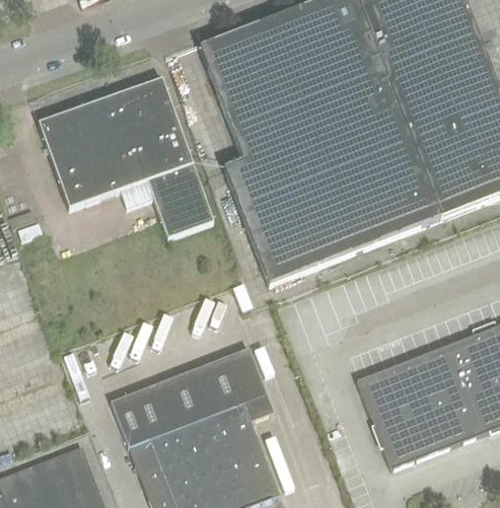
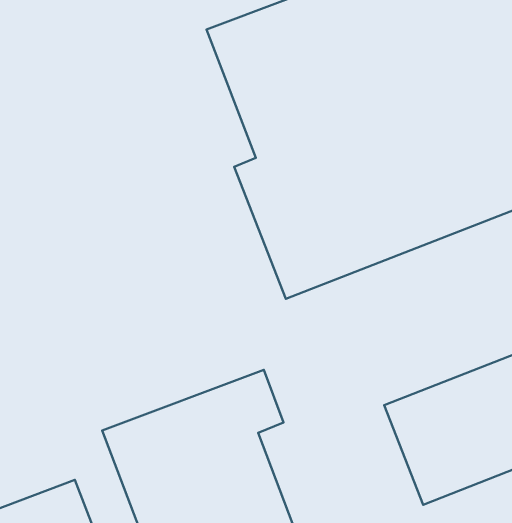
building: [41,78,216,237] -> none

